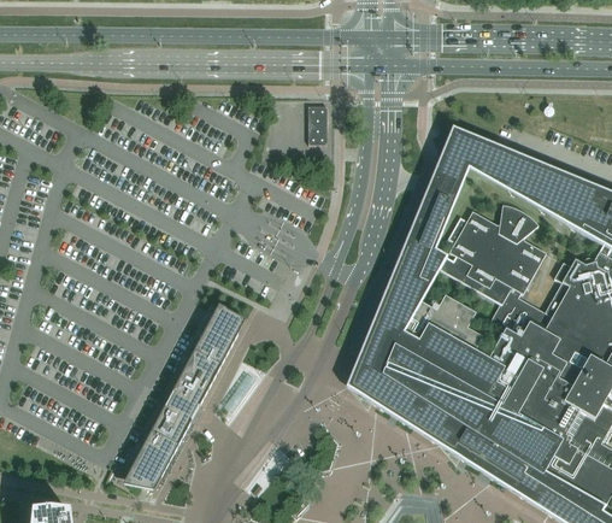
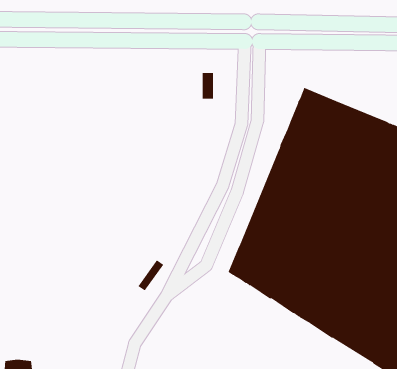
building: [123,304,246,489] -> none

